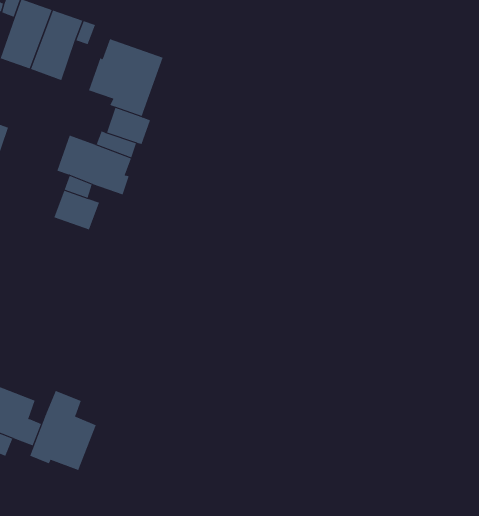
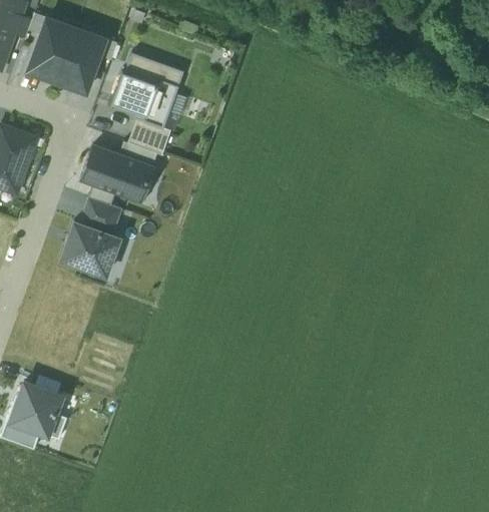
building: none -> [60,221,119,276]
building: [29,390,96,471] -> none

